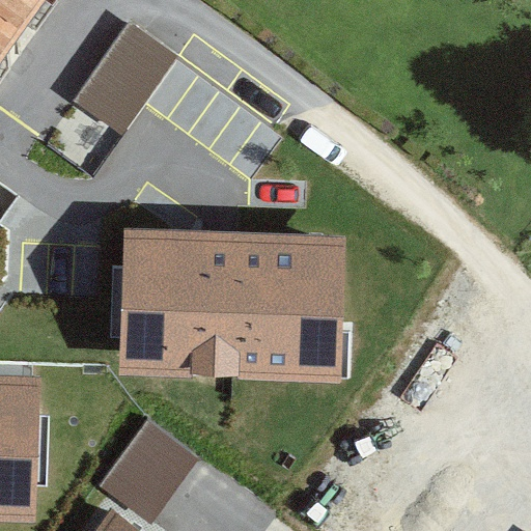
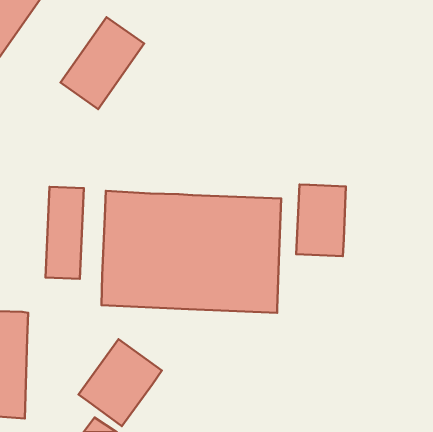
building: none -> [296,185,346,256]
building: none -> [45,187,84,279]

